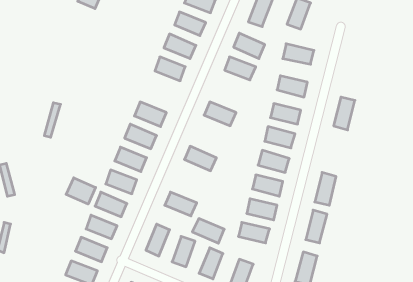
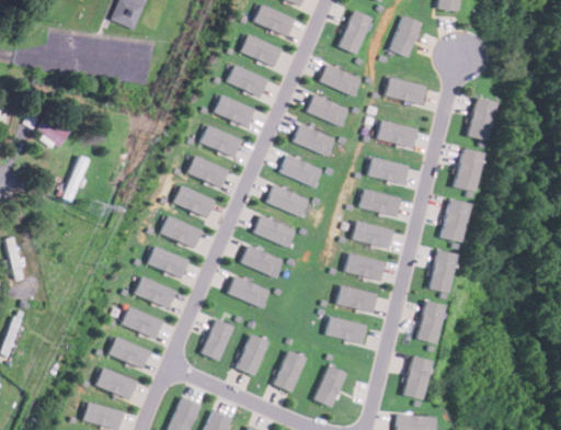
building: none -> [466,98,493,140]
building: none -> [36,116,71,149]
building: none -> [293,123,334,156]
building: none -> [199,124,242,158]
building: none -> [266,184,309,217]
building: none -> [440,199,469,242]
building: [66,178,96,204] -> none
building: [192,219,224,243] -> [240,245,283,278]

